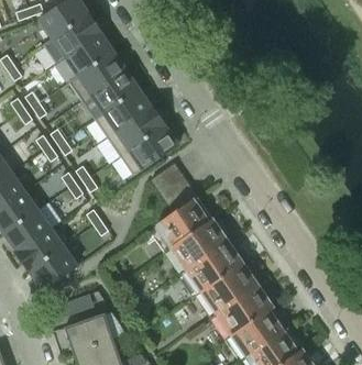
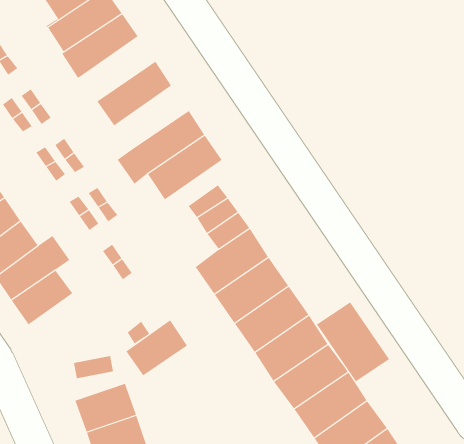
building: [68,51,125,100] -> none
building: [94,88,151,136] -> none
building: [29,245,76,288] -> [125,319,188,376]
building: none -> [316,301,390,382]

